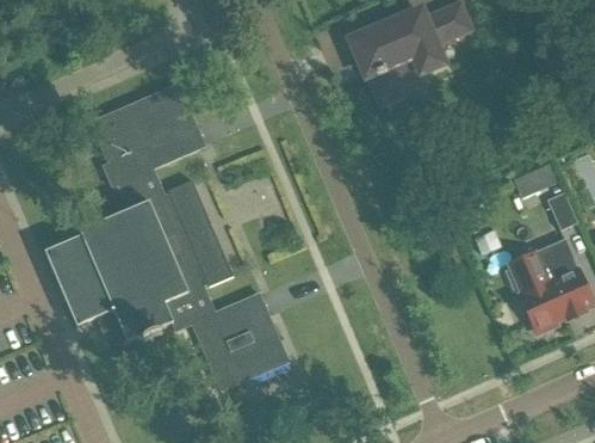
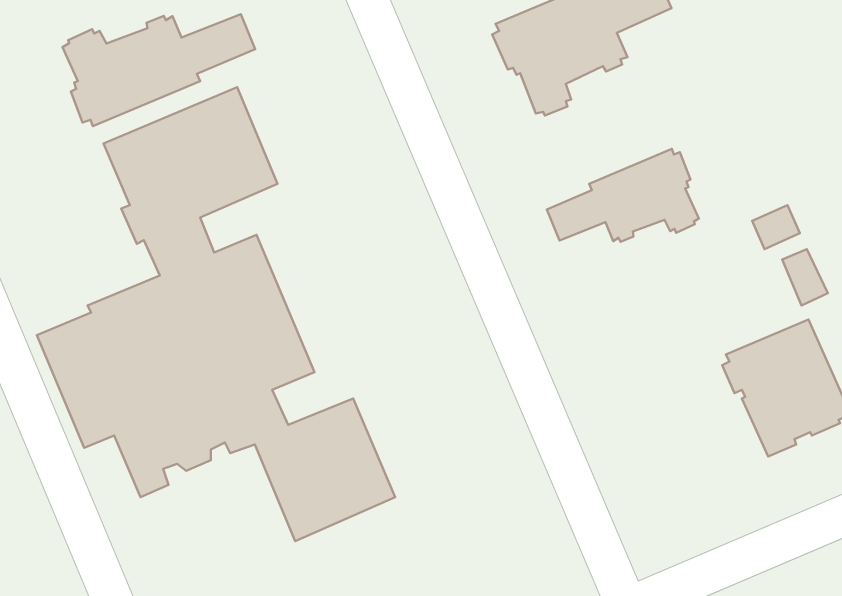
building: none -> [62,14,255,126]
building: none -> [547,149,699,242]

